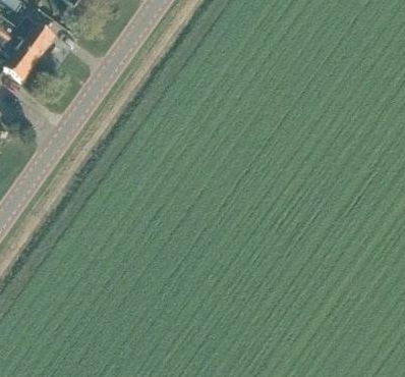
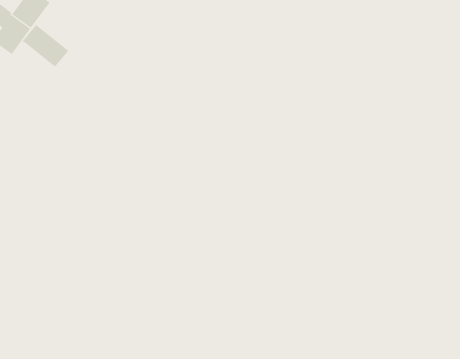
building: none -> [22,24,69,68]

